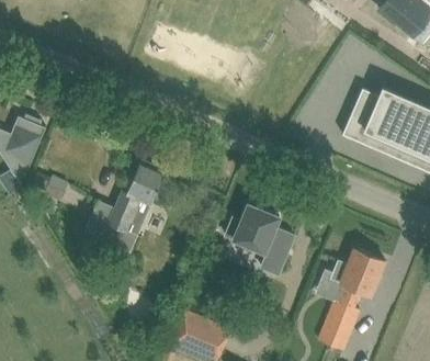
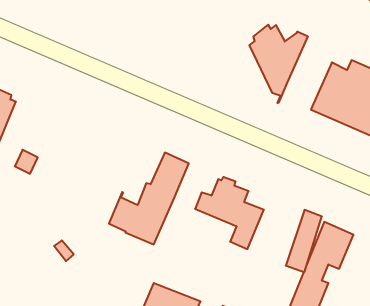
building: none -> [249,25,308,103]
building: [84,159,165,251] -> [109,153,189,244]

